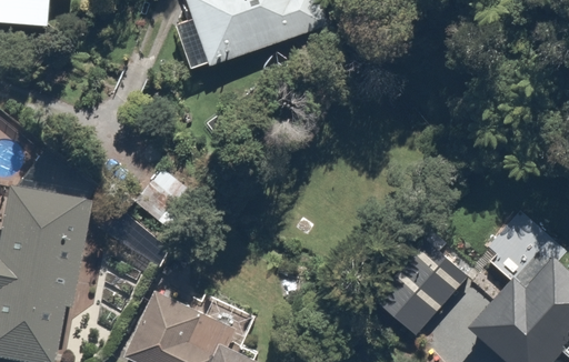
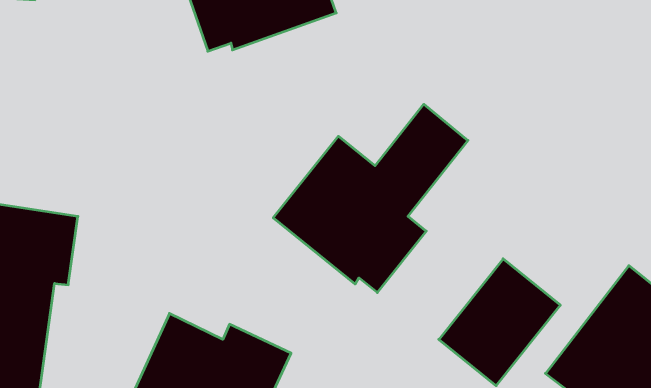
building: none -> [273,104,468,293]

